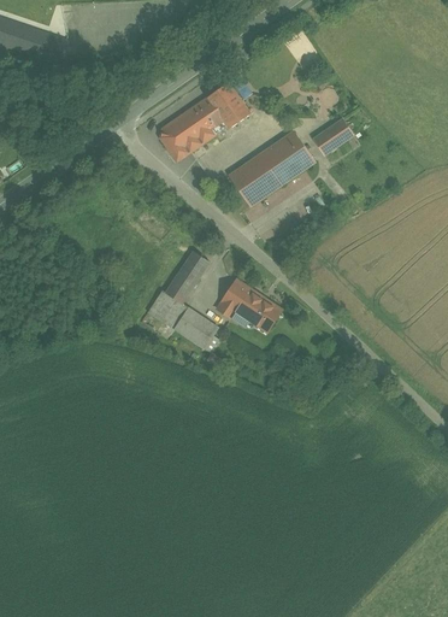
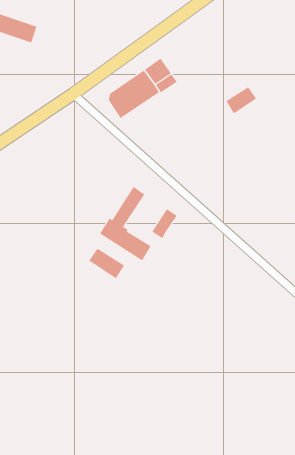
building: [228,131,312,204] -> none
building: [234,288,281,331] -> none
building: none -> [89,248,125,279]

